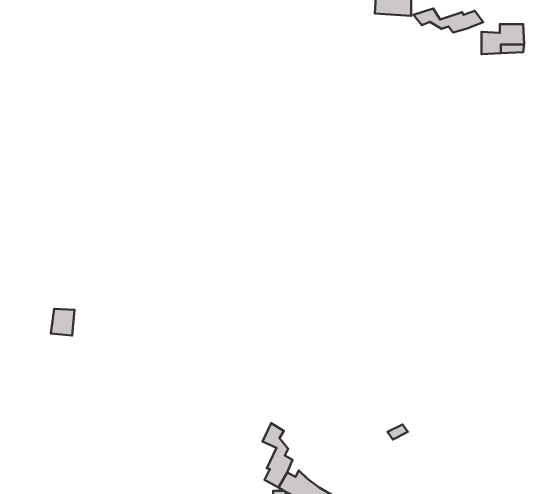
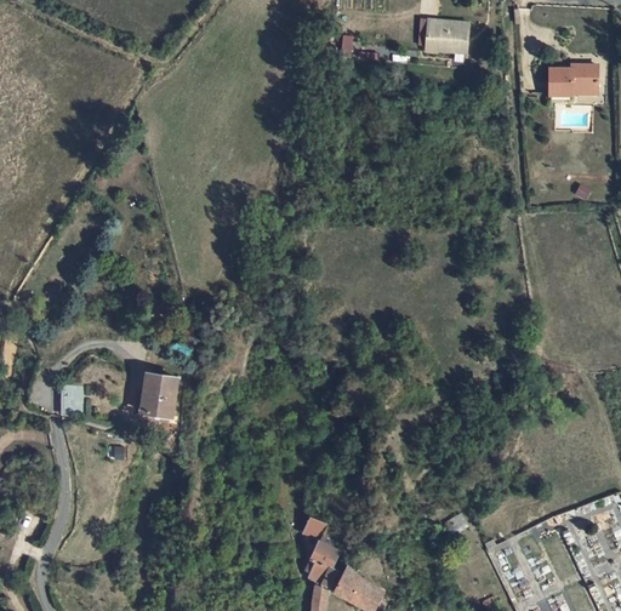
building: [414,8,483,33] -> none
building: none -> [146,376,177,417]

